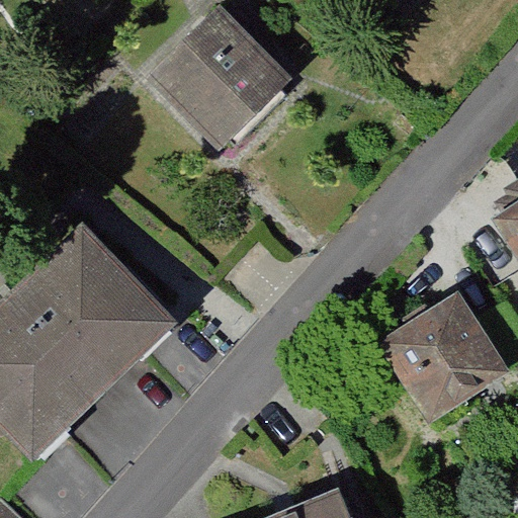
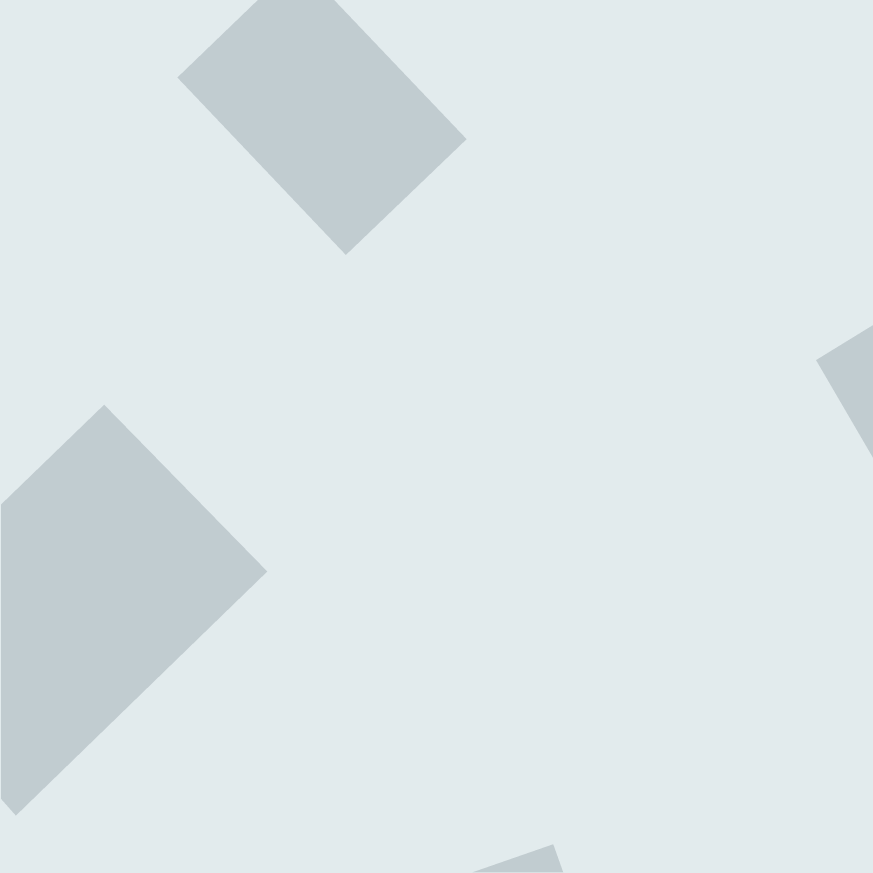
building: [372,291,509,430] -> none

